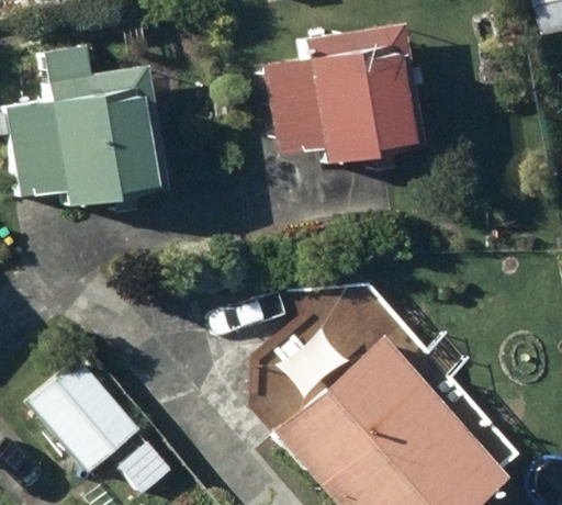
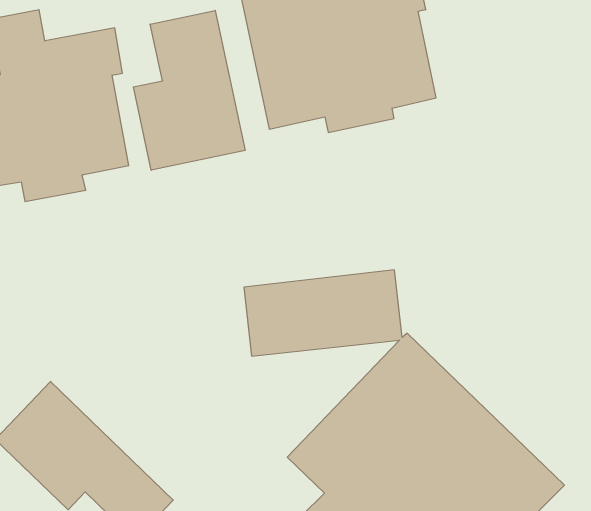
building: none -> [133,10,245,170]

